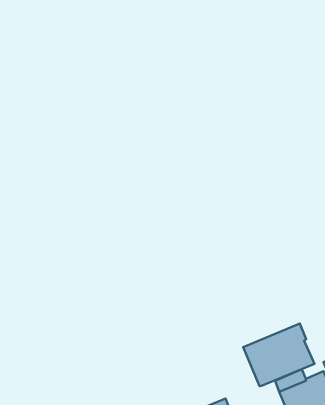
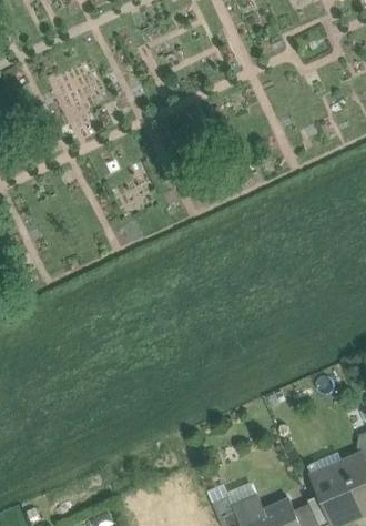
building: [243,323,314,386] -> none

